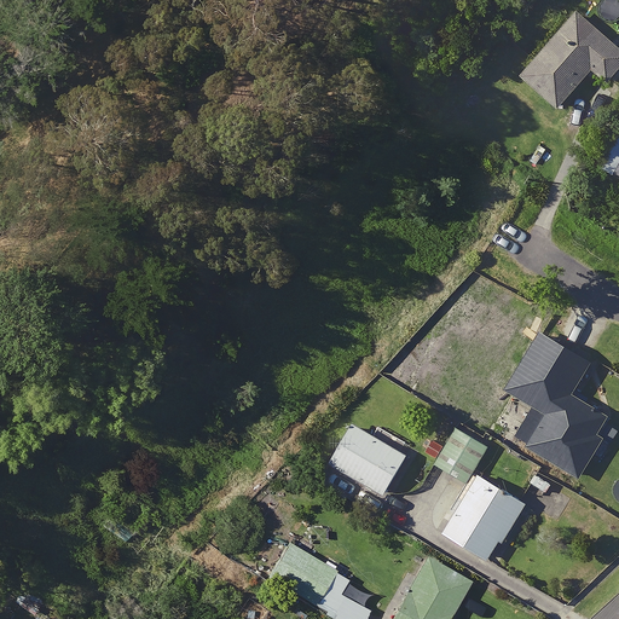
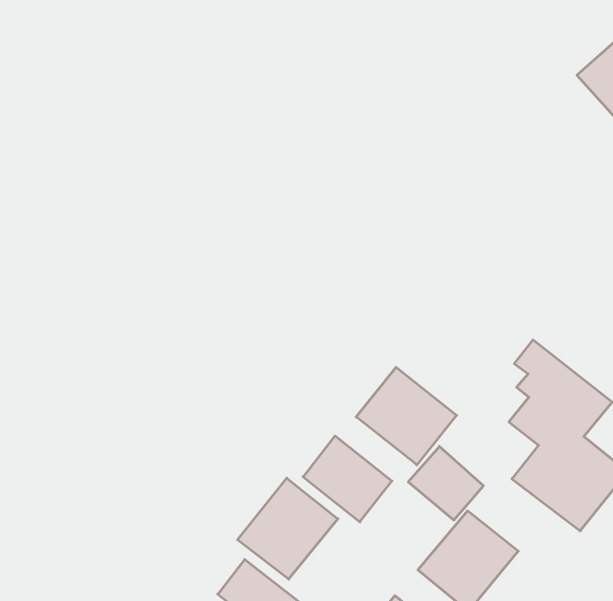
building: none -> [356,367,457,465]
building: none -> [238,478,338,579]

